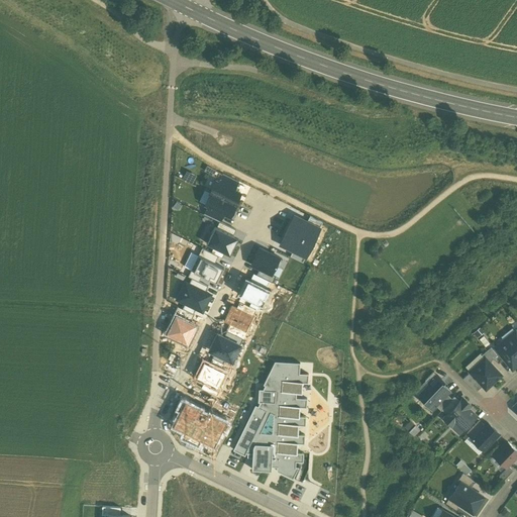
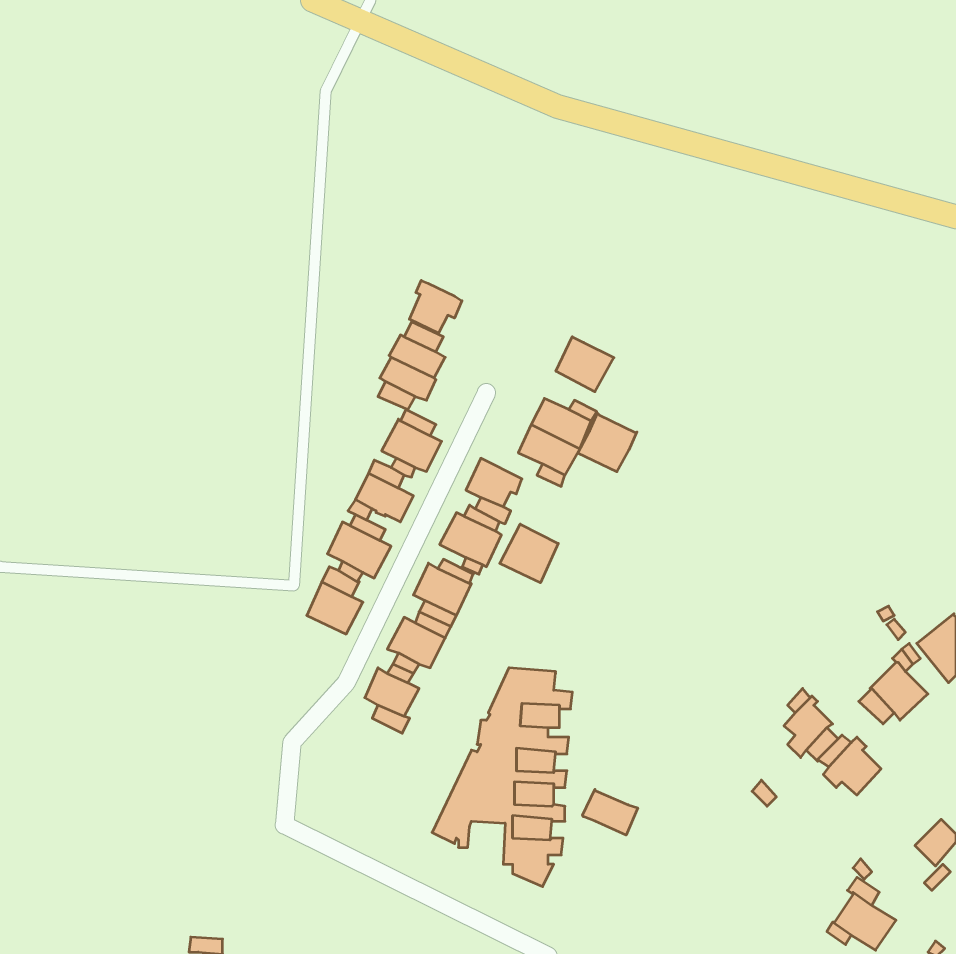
building: none -> [409,280,462,333]
building: none -> [556,337,614,392]
building: none -> [578,413,637,472]
building: none -> [500,524,558,583]
building: [174,401,226,445] -> none
building: [467,421,499,450] -> none
building: none -> [582,789,638,835]
building: [252,444,273,472] -> none

